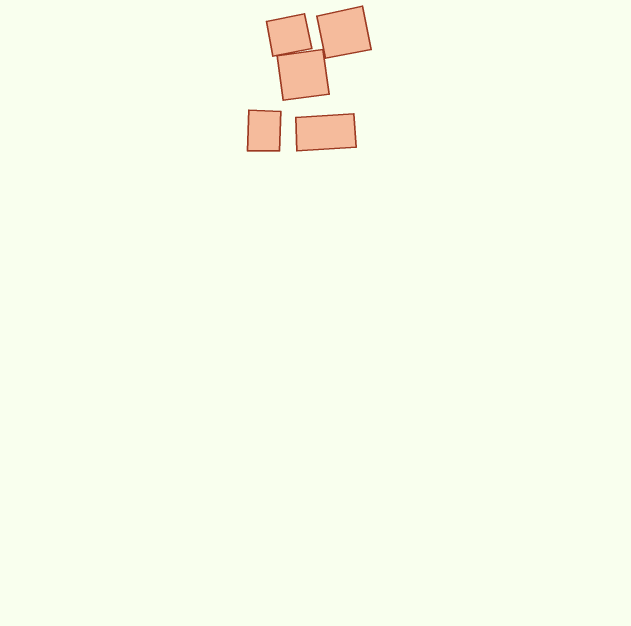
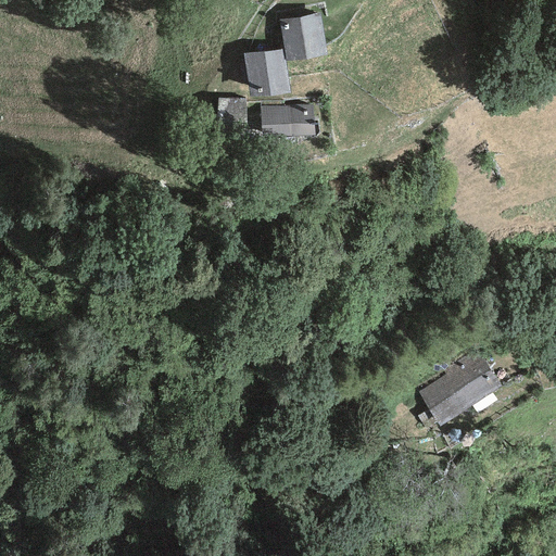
building: [266,14,312,56] -> none
building: none -> [419,352,502,426]

